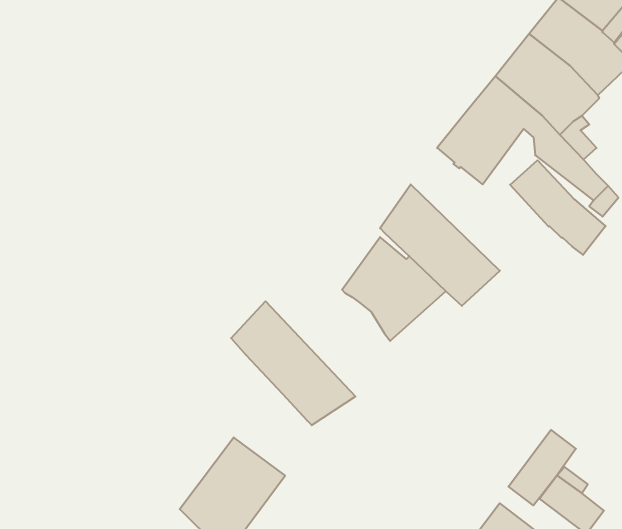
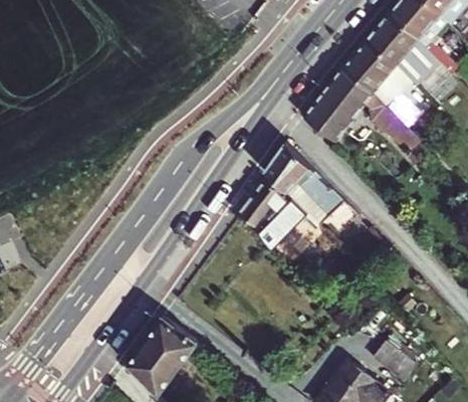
building: [510,160,606,255] -> none
building: [231,301,355,425] -> none
building: [508,430,576,505] -> none

